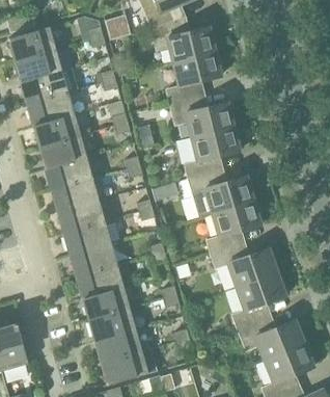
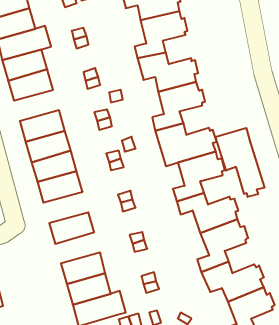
building: [38,135,86,168] -> none
building: none -> [215,128,264,197]
building: [70,243,117,276] -> none
building: [82,286,130,319] -> none

